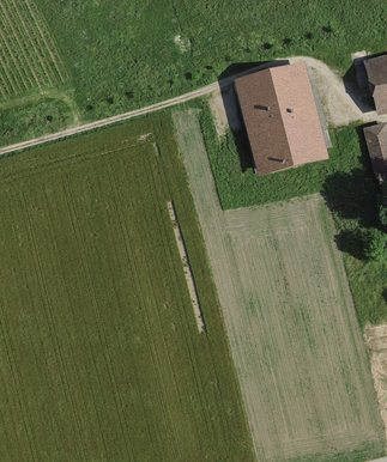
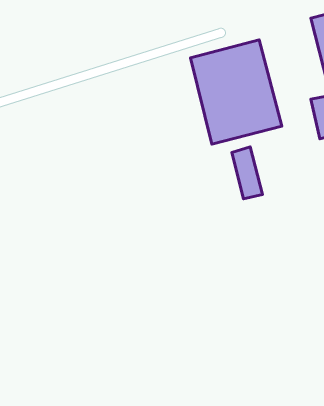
building: none -> [232,147,262,199]

